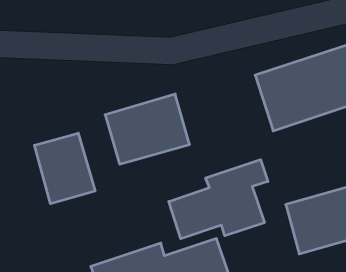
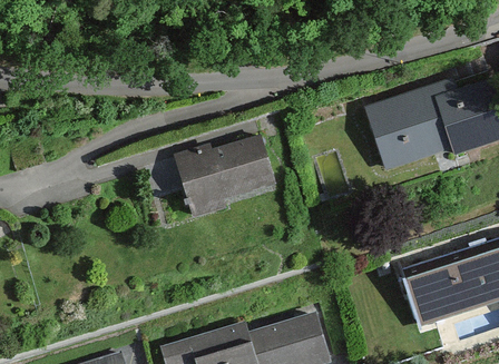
building: [34,133,95,204] -> none
building: [169,160,268,239] -> none

